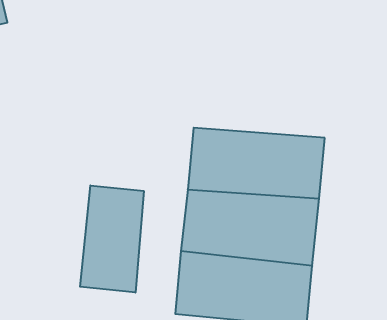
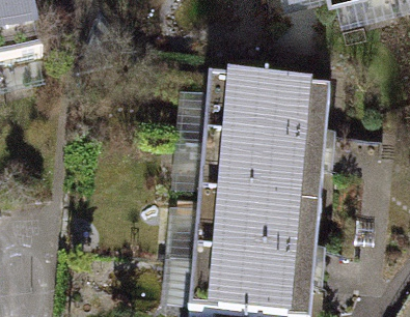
building: none -> [210,78,334,142]
building: [80,185,144,293] -> none

